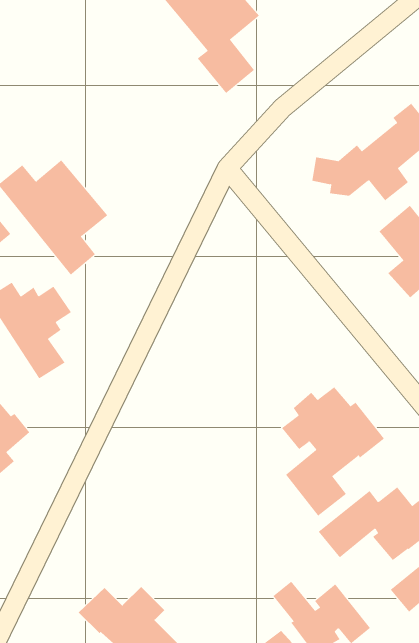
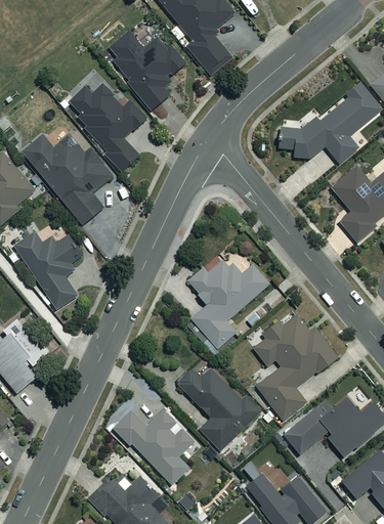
building: none -> [110,32,188,110]
building: none -> [69,84,147,170]
building: none -> [187,260,270,348]
building: none -> [177,367,261,450]
building: none -> [113,408,195,484]

